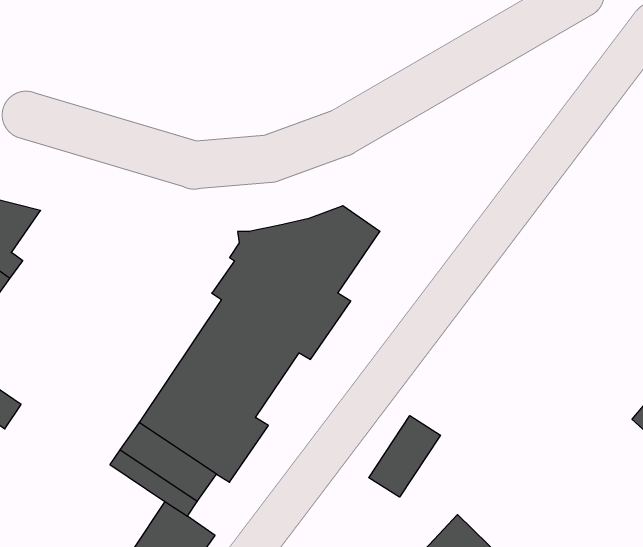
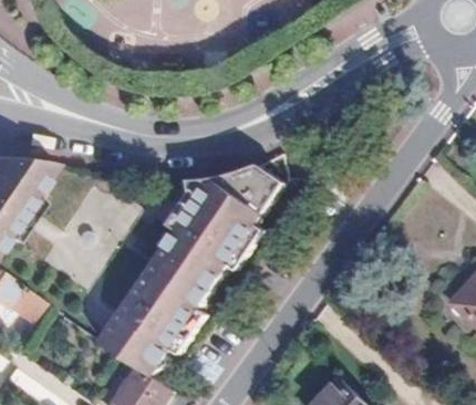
building: [369,416,440,497] -> none

